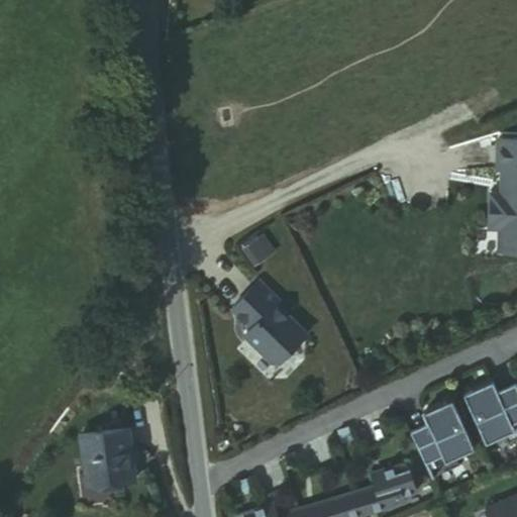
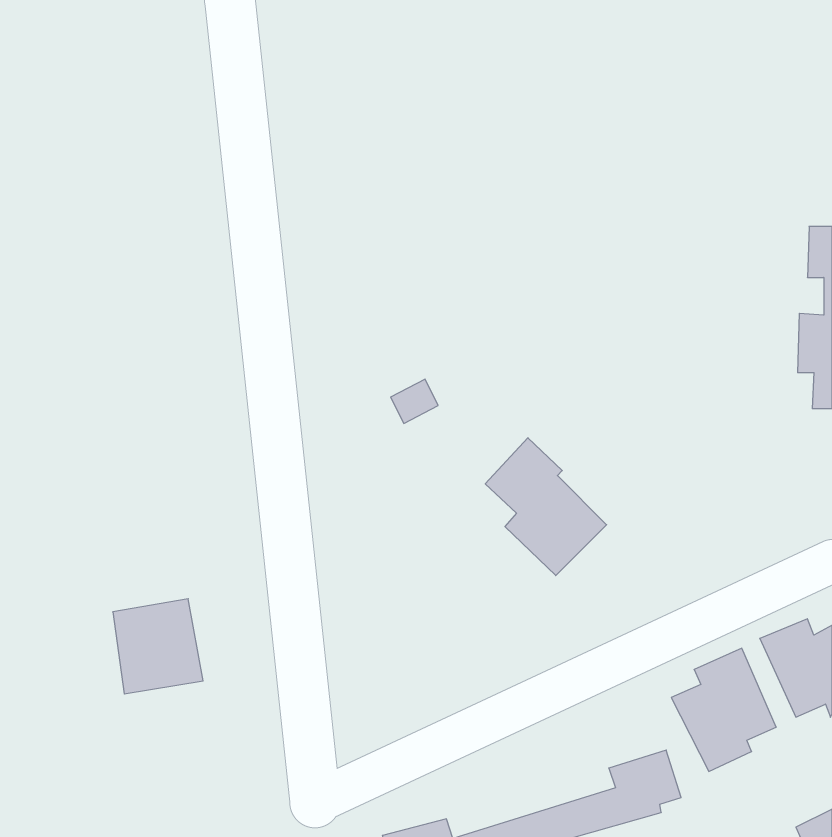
building: [234,285,309,370] -> [485,438,607,576]
building: [66,431,121,490] -> [113,599,203,694]

